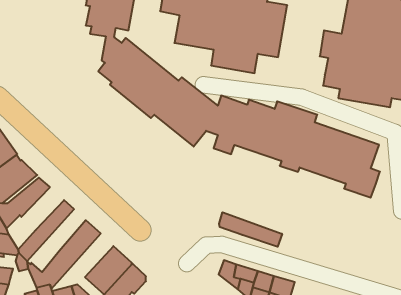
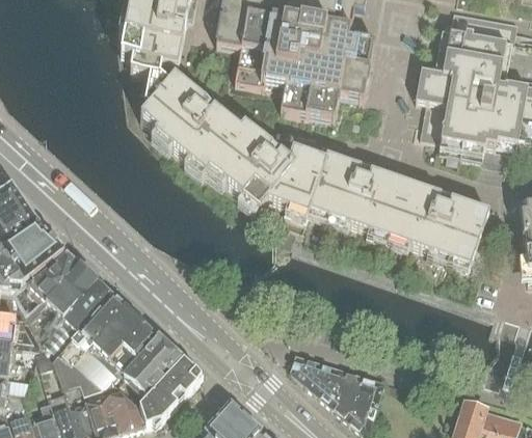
building: none -> [44,263,97,316]
building: none -> [56,293,124,367]
building: [219,212,282,247] -> none
building: none -> [81,320,156,391]

